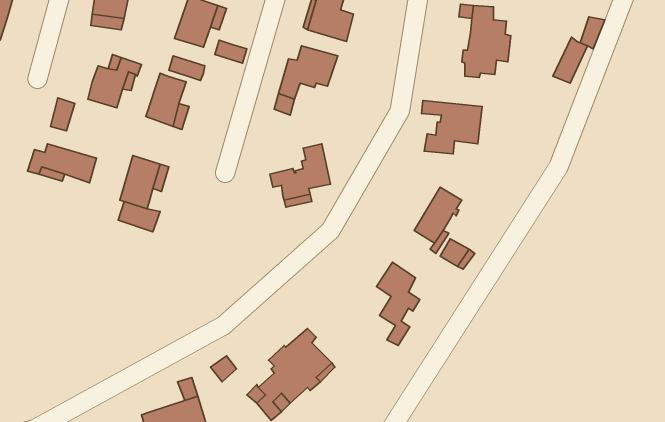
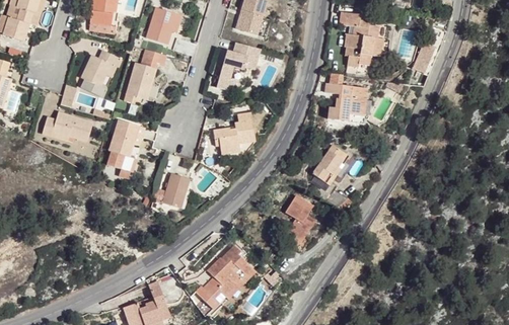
building: none -> [162,171,191,210]

